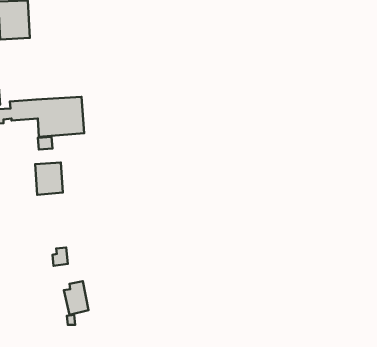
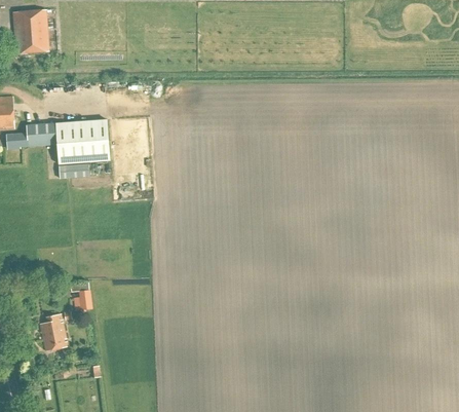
building: [35,163,63,195] -> none
building: [64,281,88,315] -> [39,313,67,351]

